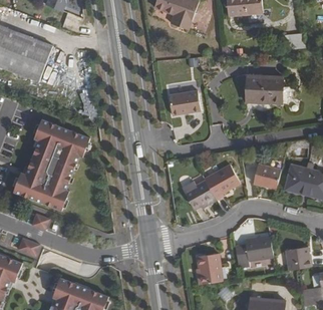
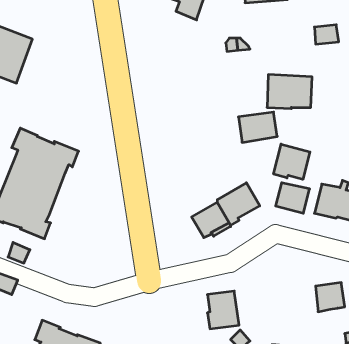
building: [169,90,201,115] -> [238,112,277,142]
building: none -> [274,144,310,179]
building: [234,235,272,267] -> none

